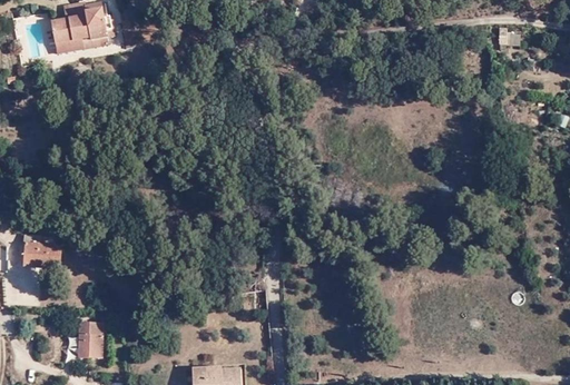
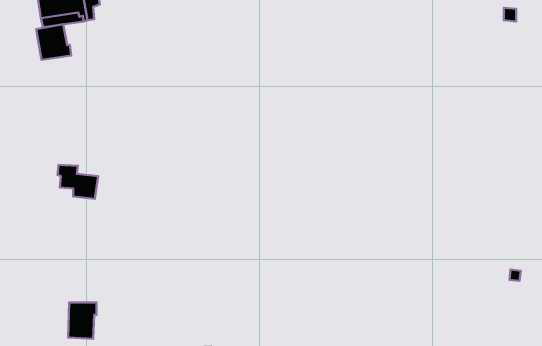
building: none -> [36,24,71,60]
building: [22,236,62,269] -> [57,165,98,199]

